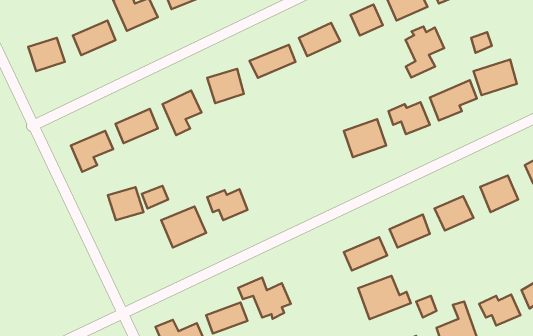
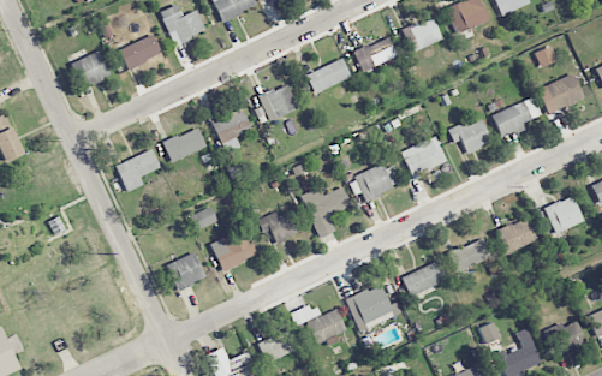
building: [405,27,444,78] -> none
building: none -> [353,165,403,199]
building: none -> [300,186,351,238]
building: [108,187,143,220] -> [167,253,204,288]
building: [358,276,411,319] -> [346,285,401,330]

